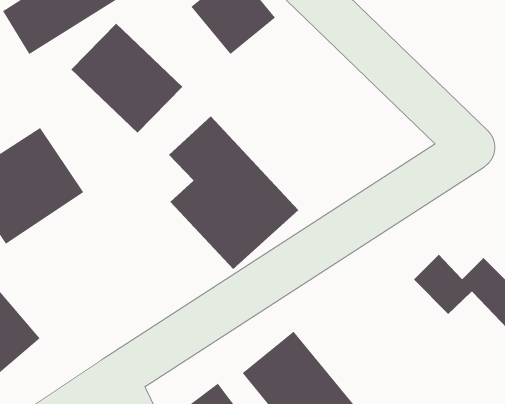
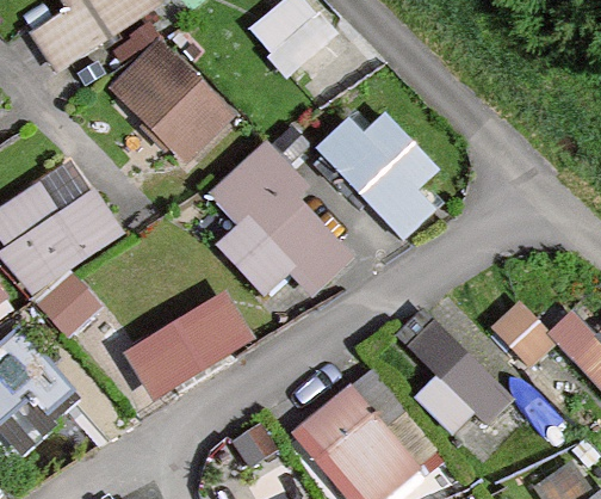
building: none -> [318,113,444,244]
building: none -> [125,289,256,402]
building: none -> [397,314,516,430]

